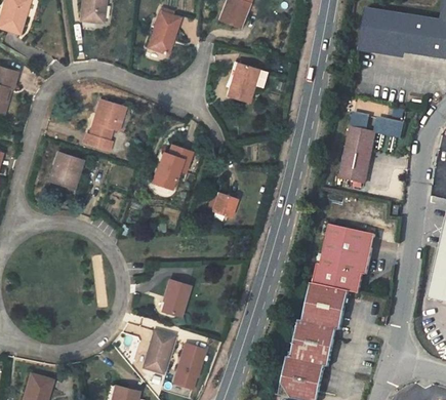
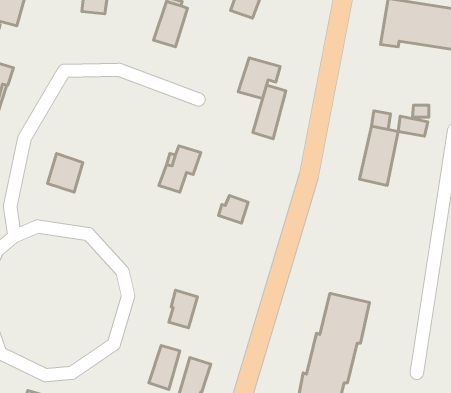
building: none -> [253,85,286,139]
building: [84,99,125,150] -> none
building: [313,224,376,293] -> none

